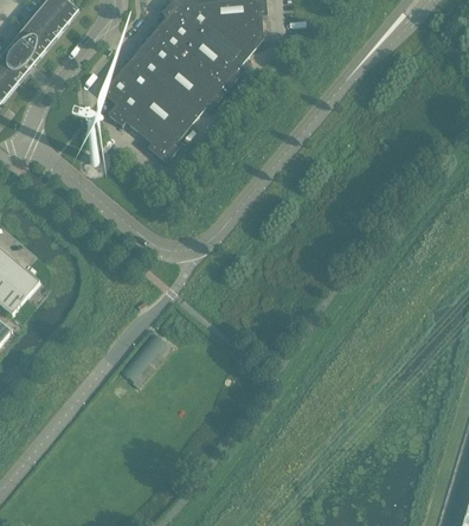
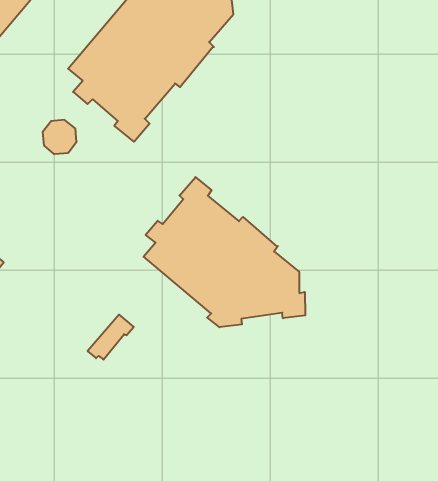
building: none -> [144,177,305,327]

